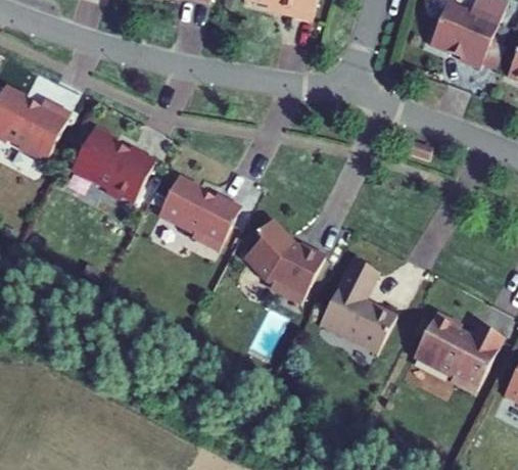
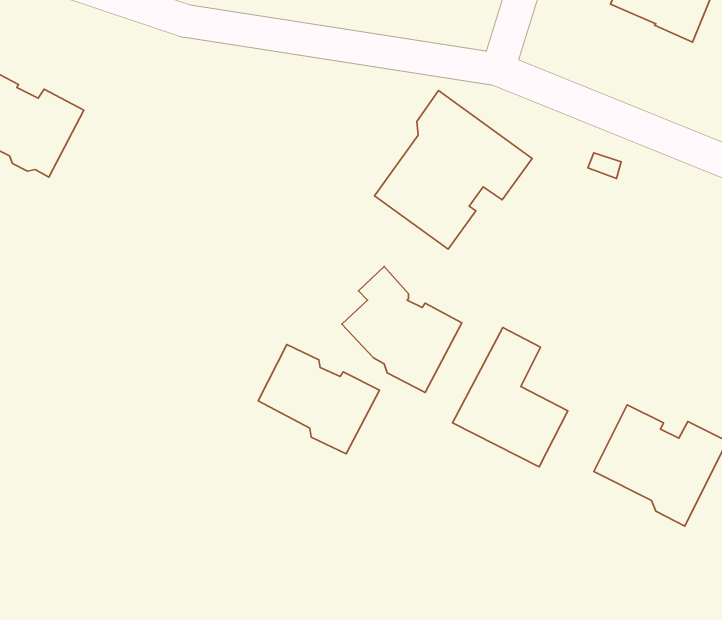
building: none -> [374,90,532,249]
building: [75,126,155,200] -> none
building: [158,176,240,249] -> [258,345,380,454]

